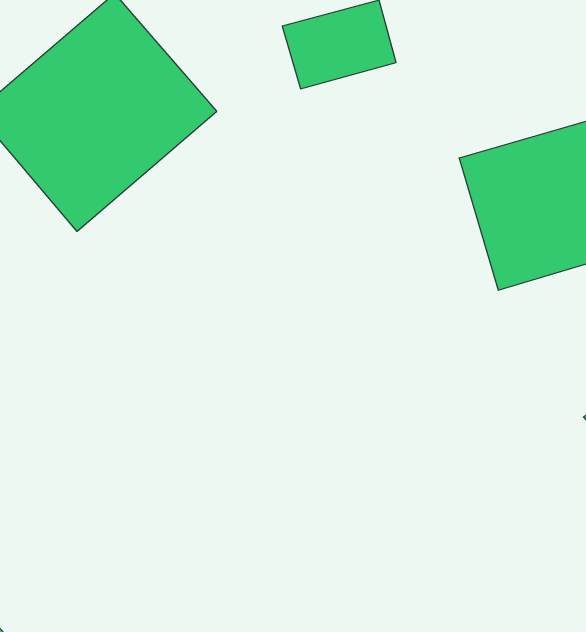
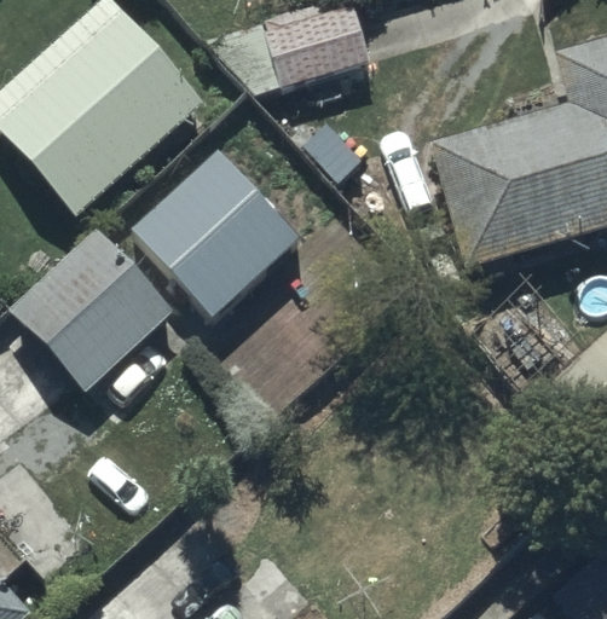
building: none -> [132,155,297,322]
building: none -> [15,235,174,393]

